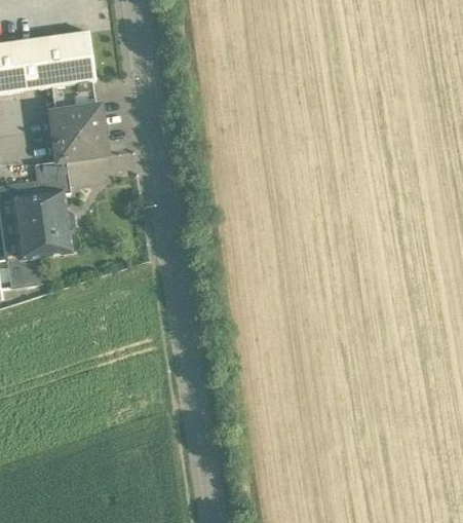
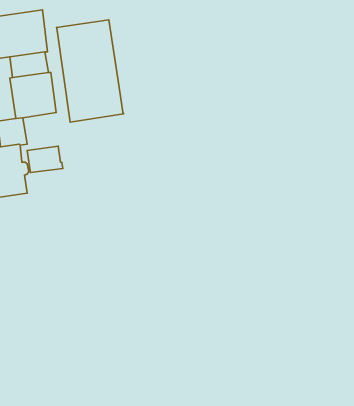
building: none -> [57,20,123,122]
building: none -> [27,146,63,173]

